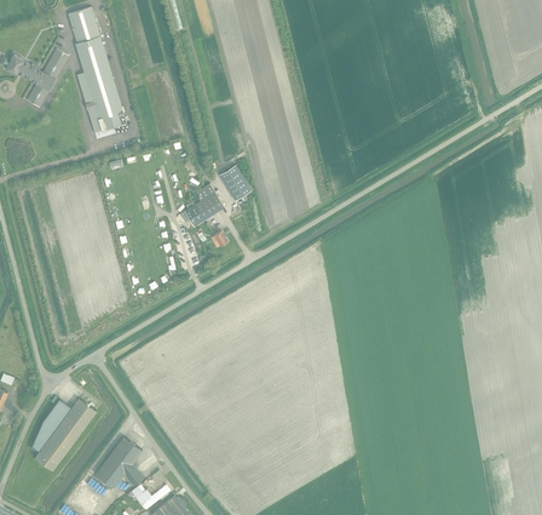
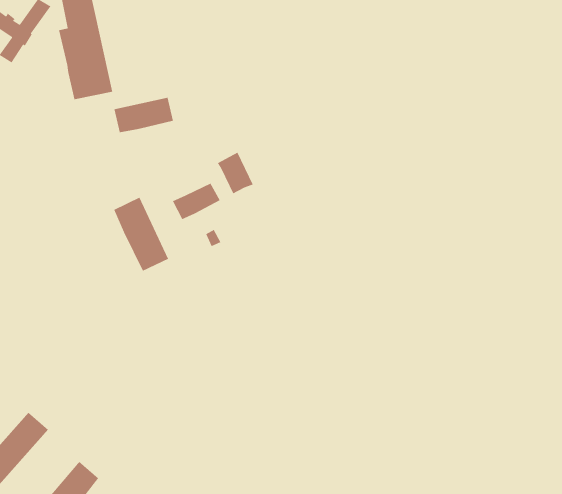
building: none -> [113,97,174,133]
building: none -> [113,197,169,272]

